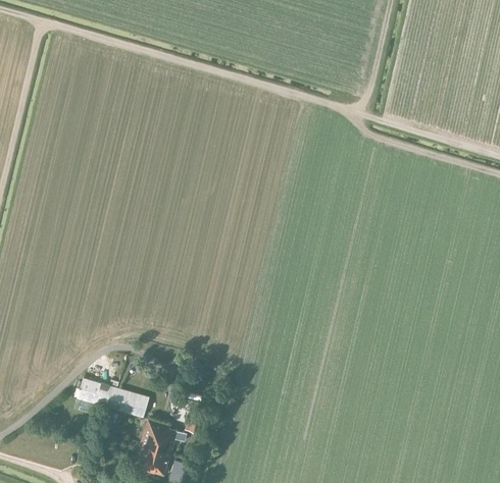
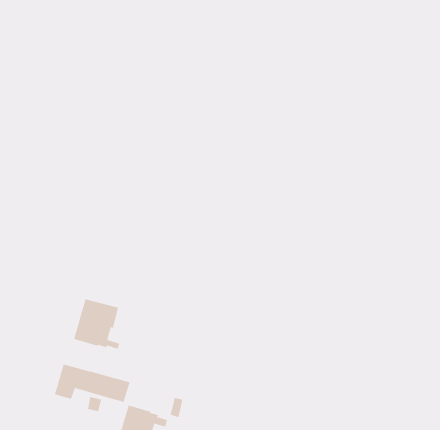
building: none -> [74,298,120,349]

